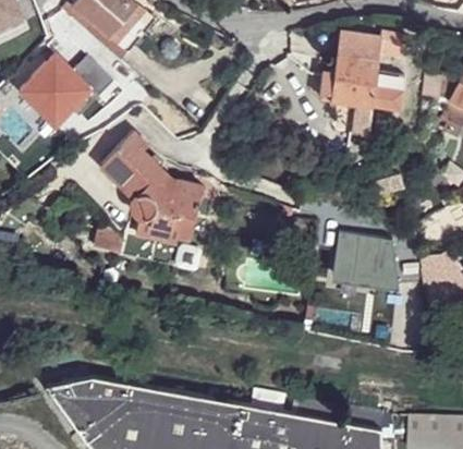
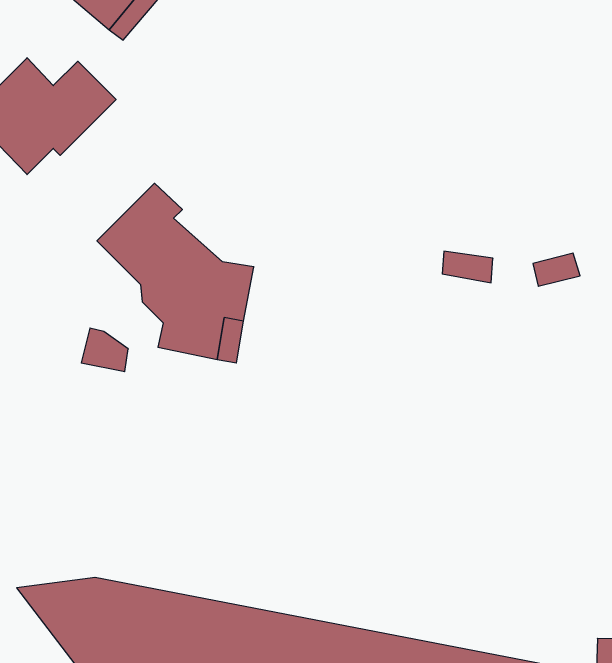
building: [319,28,409,106] -> none
building: [331,231,391,282] -> none

